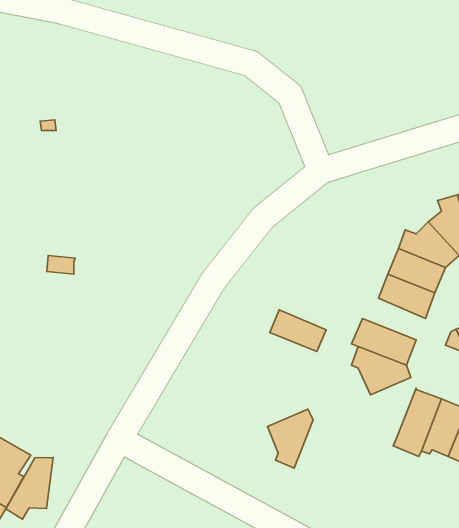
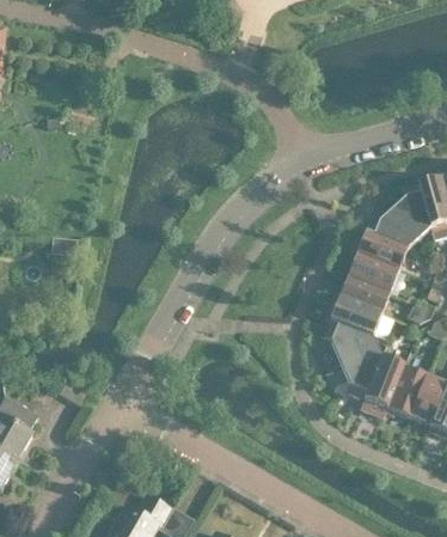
building: [270,310,326,351] -> [341,276,391,313]
building: [267,409,313,468] -> [342,347,382,399]
building: [6,458,53,519] -> none

